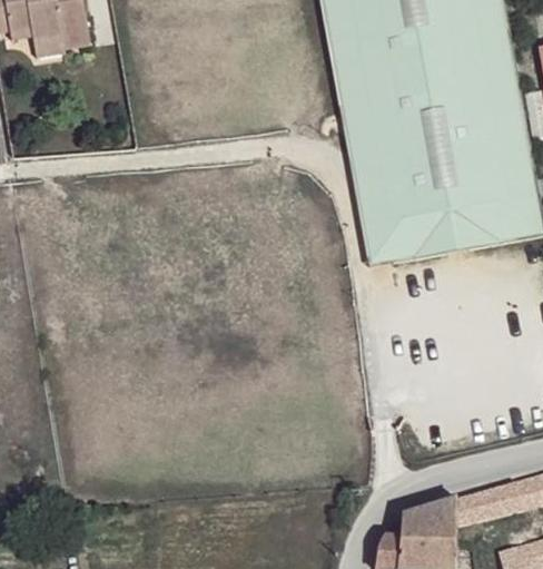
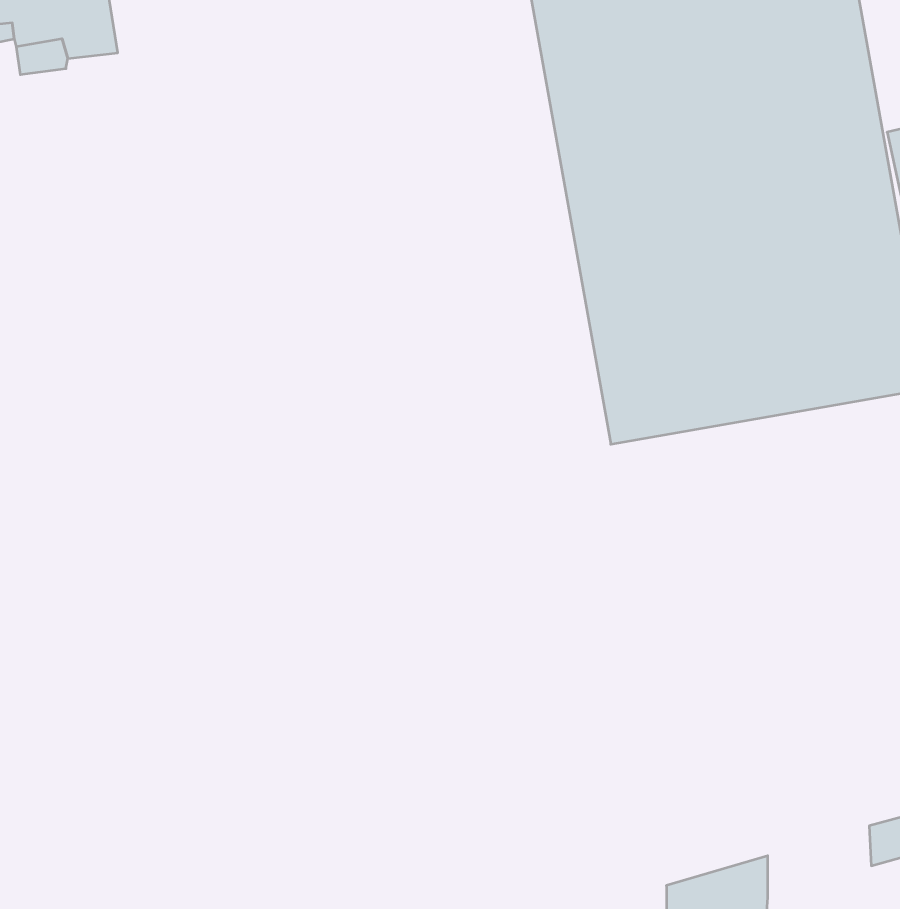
building: [455,481,513,521] -> none

